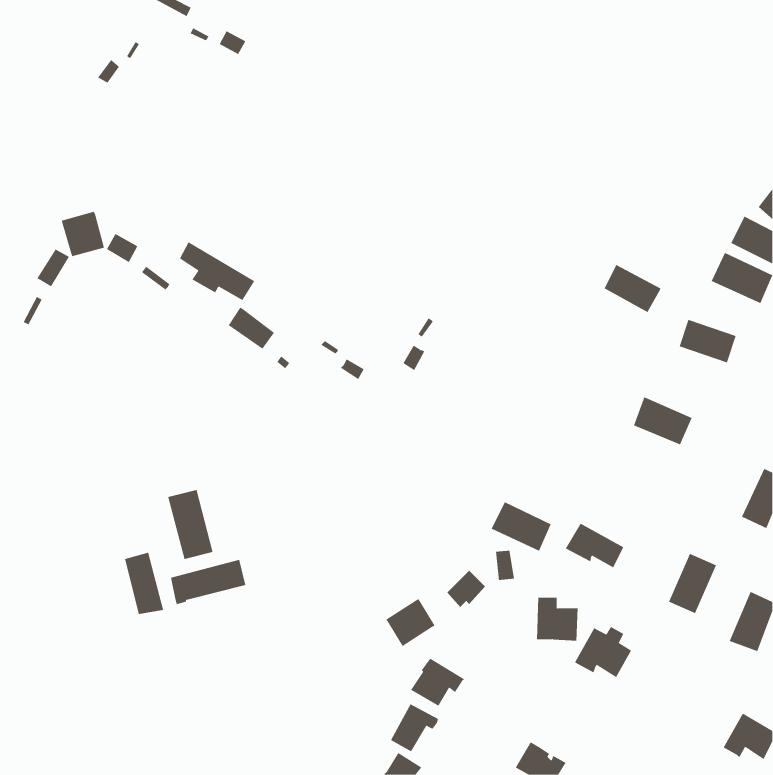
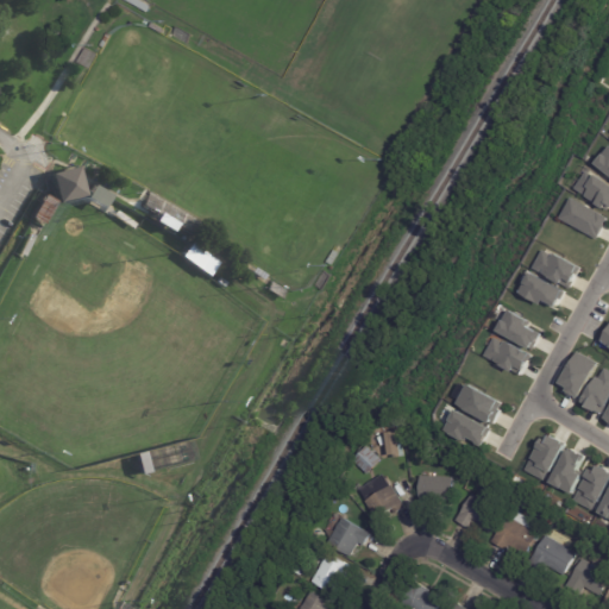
building: [604,264,661,313] -> [519,271,564,309]
building: none -> [482,335,529,373]
building: none -> [558,351,595,397]
building: [168,489,213,560] -> none
building: [491,501,552,552] -> [453,383,501,422]
building: [124,552,164,615] -> none
building: none -> [548,447,585,492]
building: [385,598,436,647] -> [358,483,397,521]
building: none -> [494,515,538,553]
building: none -> [529,535,576,575]

